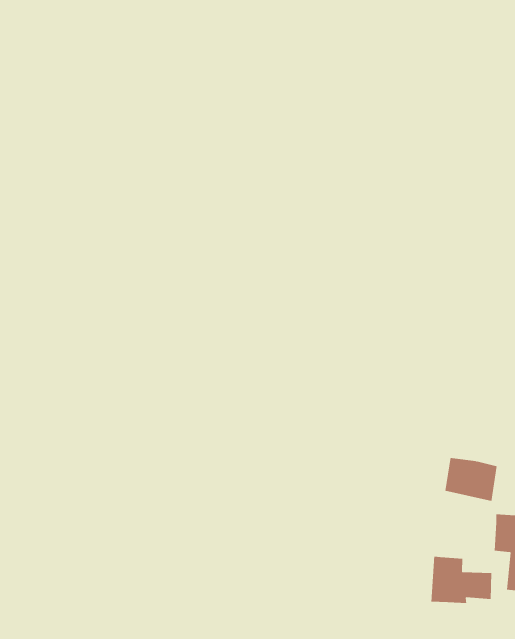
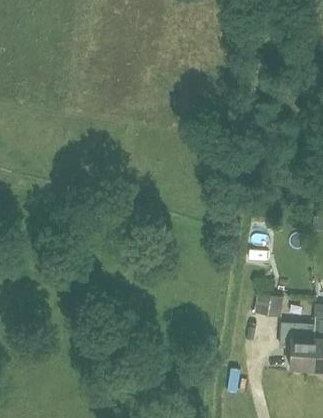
building: [431,556,492,604] -> none

